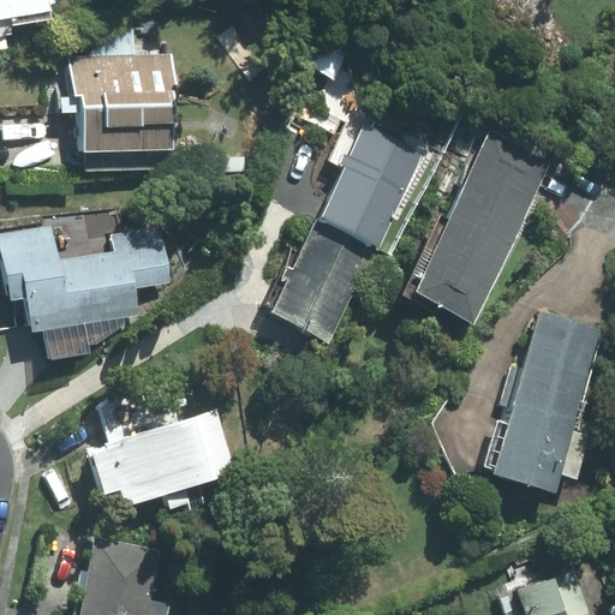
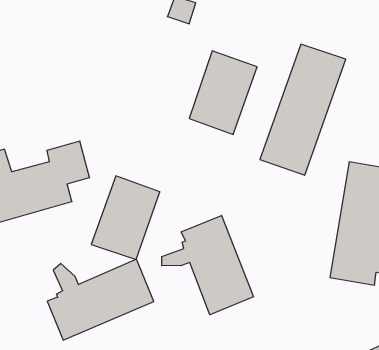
building: [70,58,172,151] -> none
building: [271,217,380,341] -> [91,176,160,260]
building: none -> [162,215,253,315]

